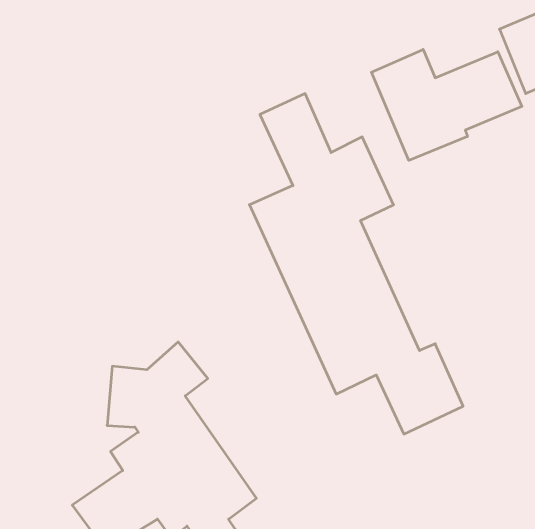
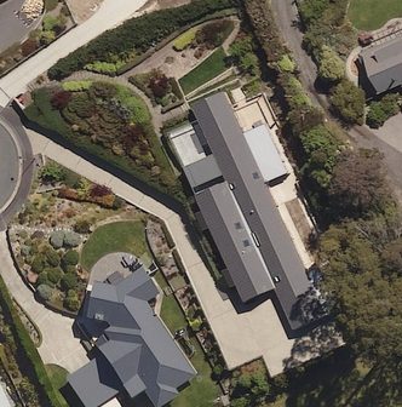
building: [371,49,522,160] -> none

